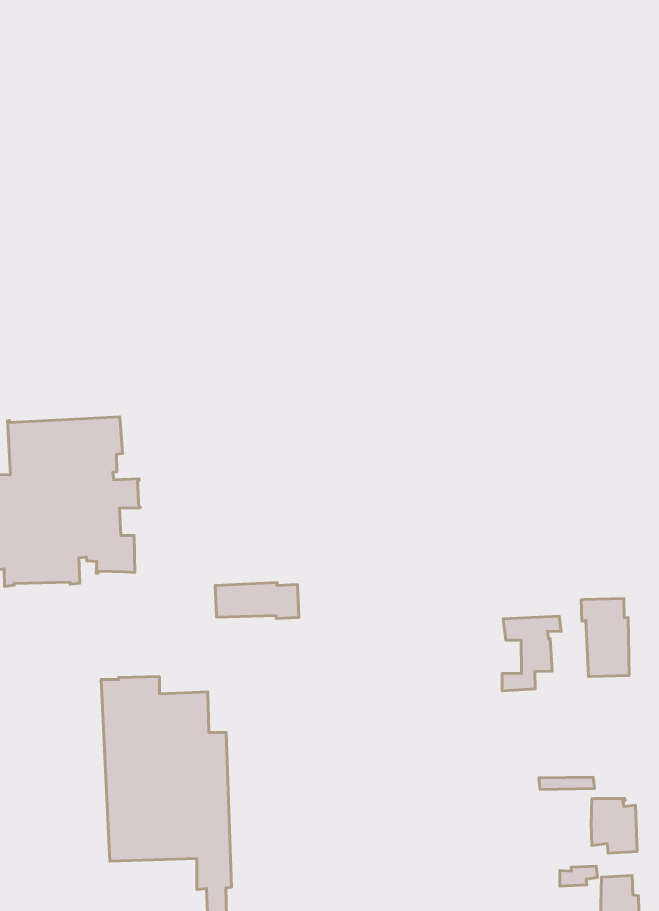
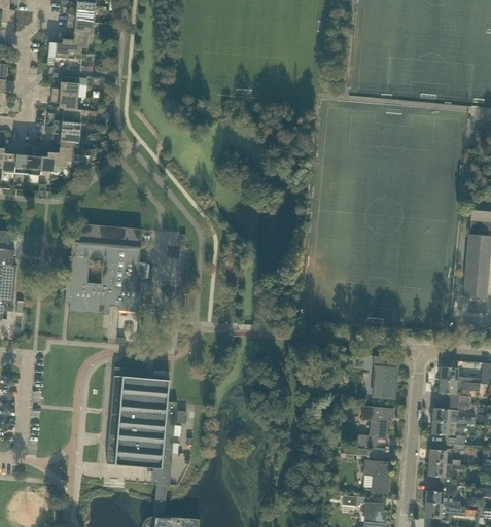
building: [215,582,299,618] -> none
building: [502,616,561,691] -> [358,407,393,446]

